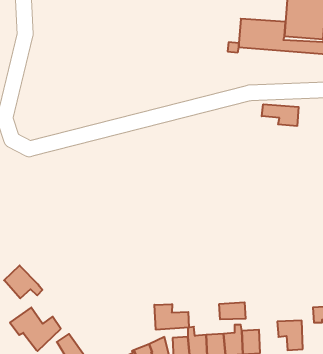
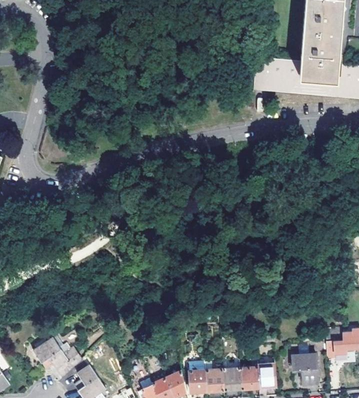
building: [262,104,299,126] -> none
building: [4,265,42,298] -> none
building: [219,302,246,319] -> none
building: [154,304,189,330] -> none

